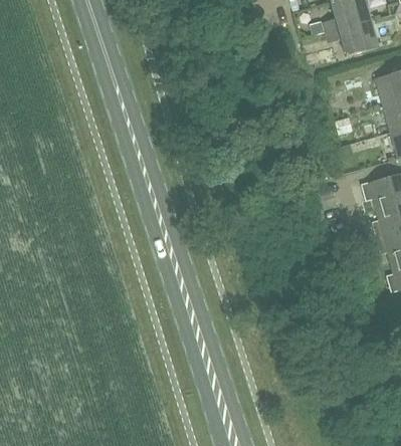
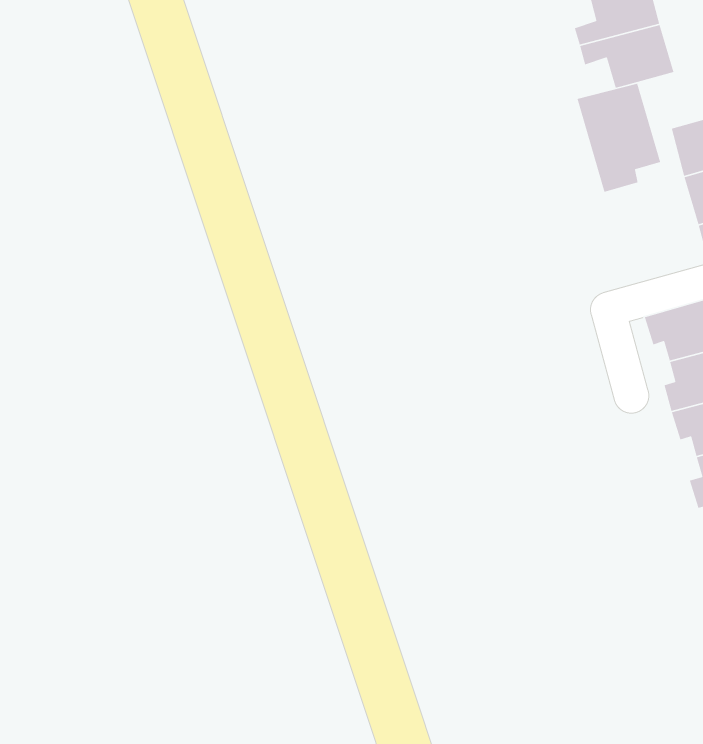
building: none -> [576,83,661,193]

